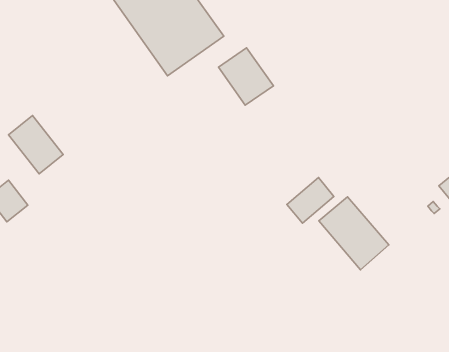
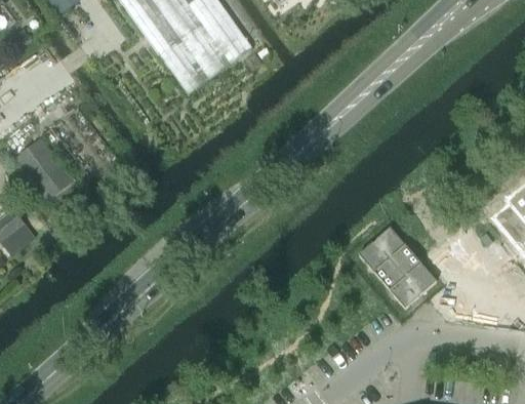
building: [218,48,273,105] -> none
building: [287,177,334,223] -> none

